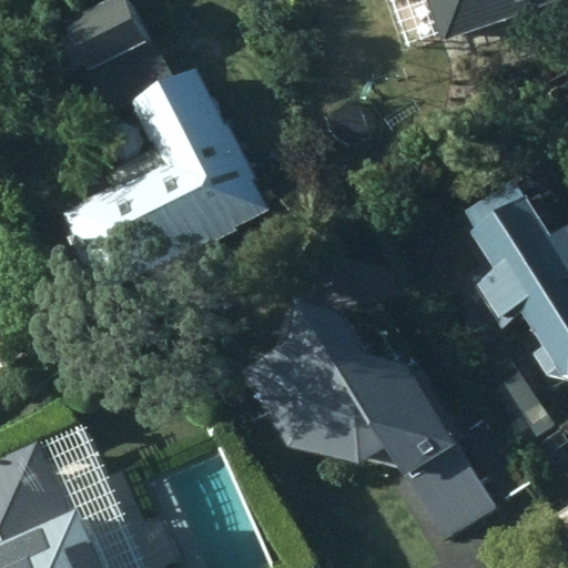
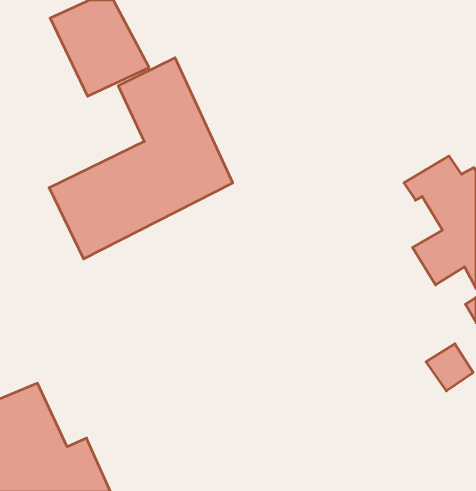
building: [265,298,495,537] -> none

